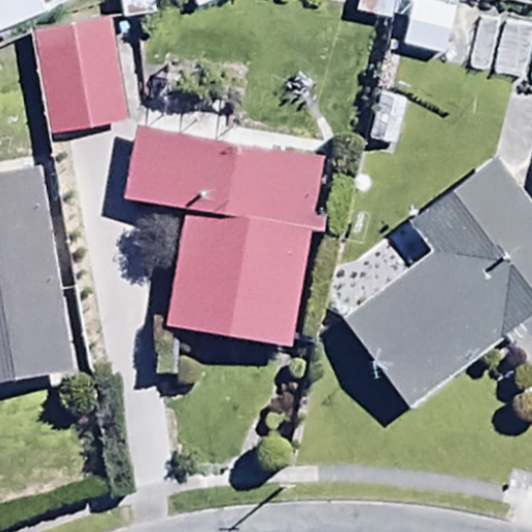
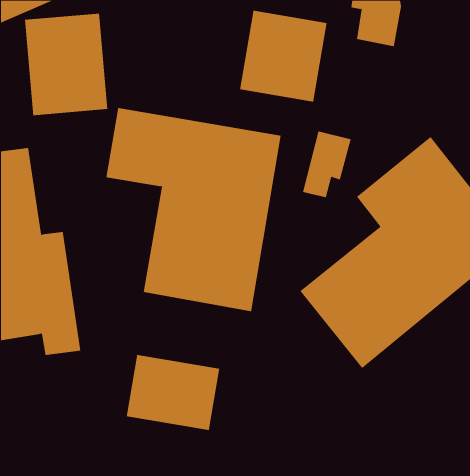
building: none -> [239,10,327,102]
building: none -> [126,354,220,431]

